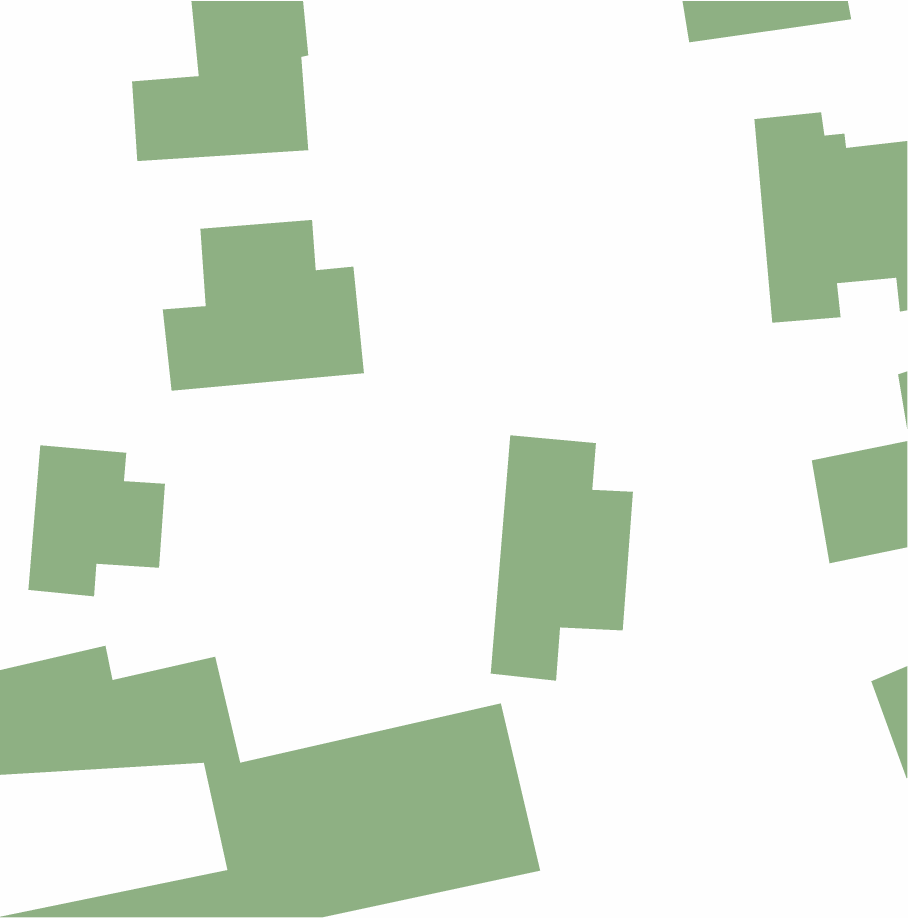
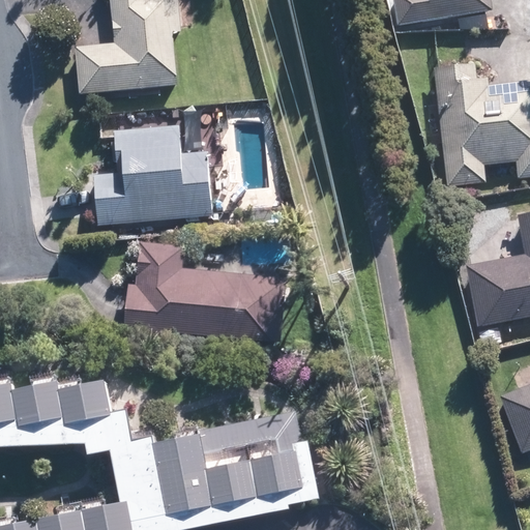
building: none -> [122,242,283,341]
building: [490,434,634,681] -> none
building: [27,444,166,597] -> none

